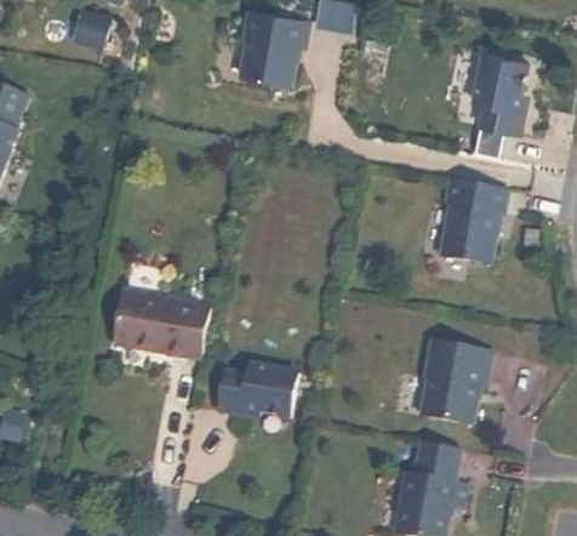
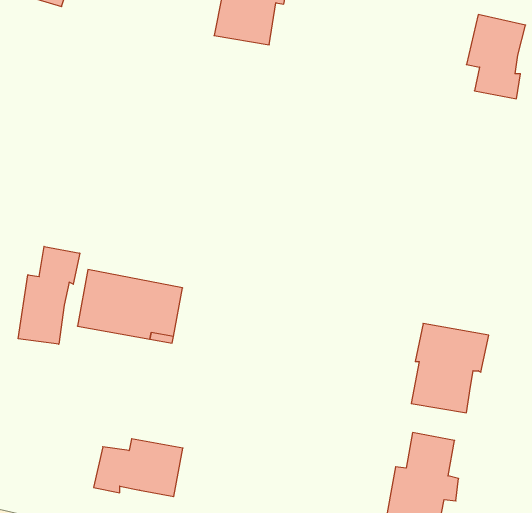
building: [441,177,507,262] -> none
building: none -> [18,246,80,344]
building: [215,363,297,416] -> [94,439,183,497]

